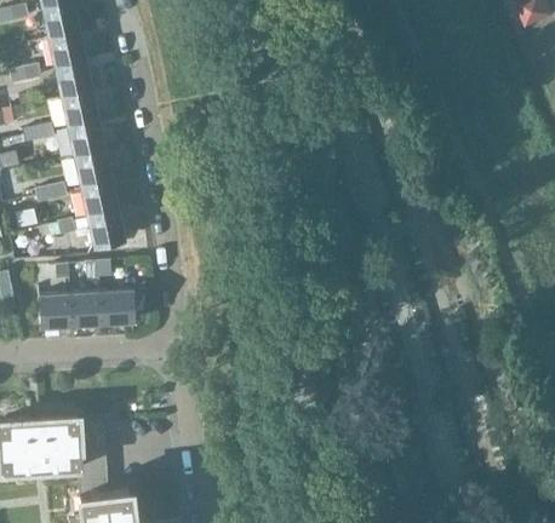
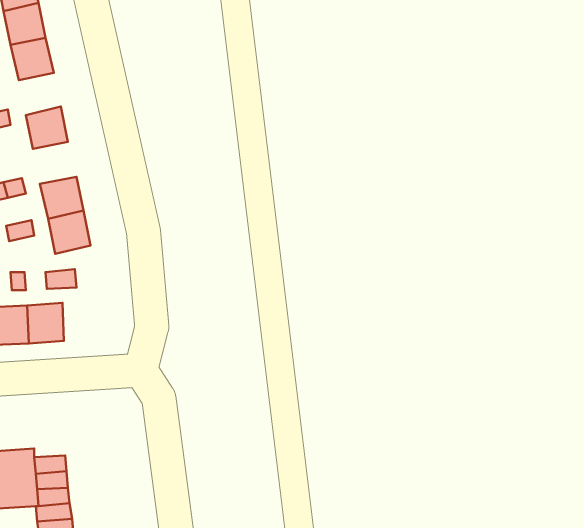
building: [63,92,99,128] -> none
building: [75,151,113,188] -> none
building: [101,289,133,323] -> none

